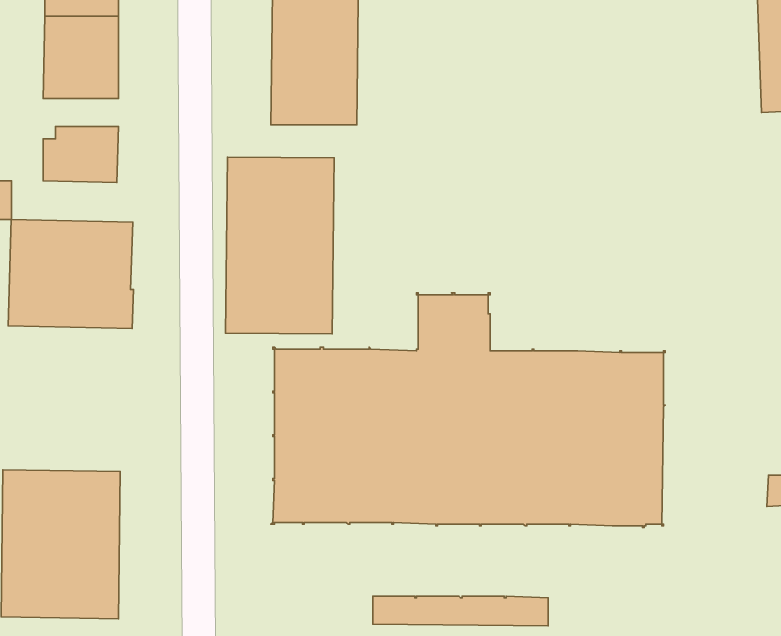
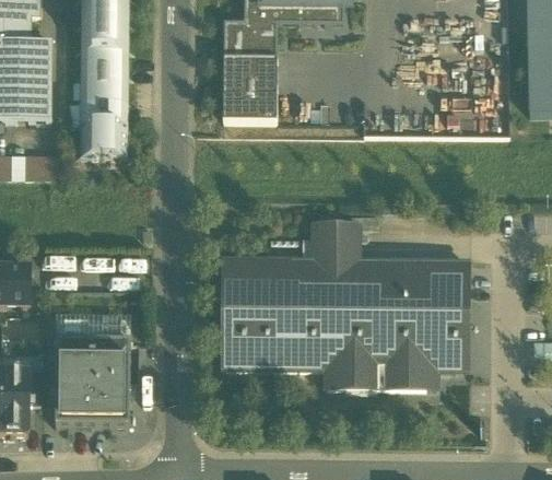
building: [226,157,334,334] -> none
building: [8,219,133,329] -> none
building: [373,596,548,626] -> [326,368,435,387]

